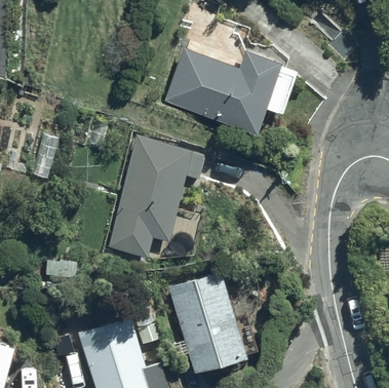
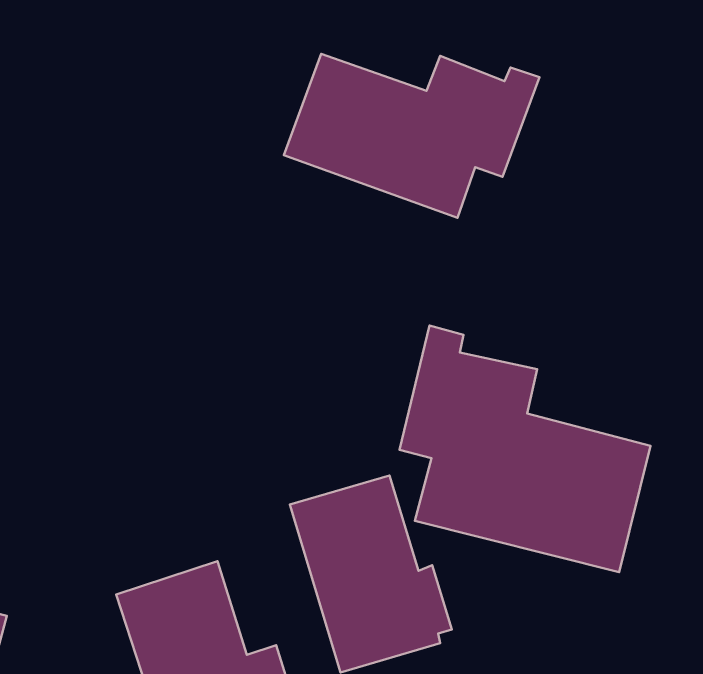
building: [107,137,203,260] -> none
building: none -> [399,325,650,572]

